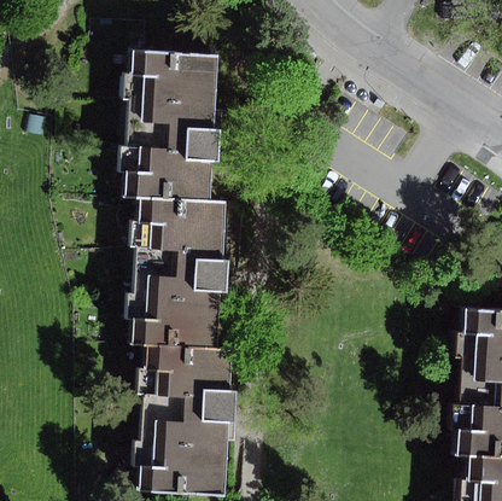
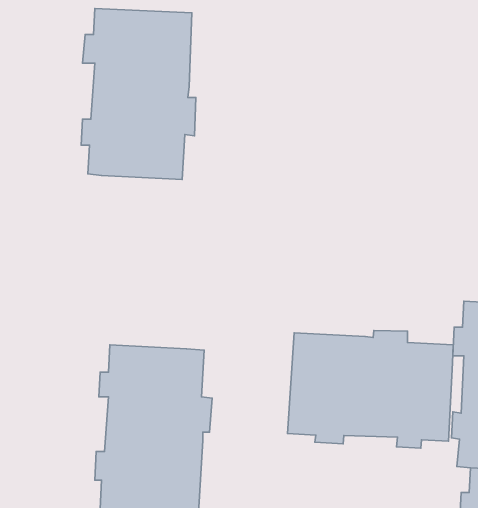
building: [127,198,230,351] -> none
building: none -> [288,330,453,448]

